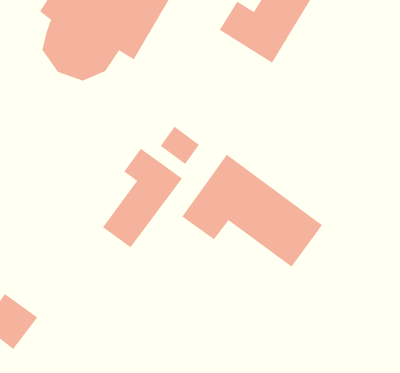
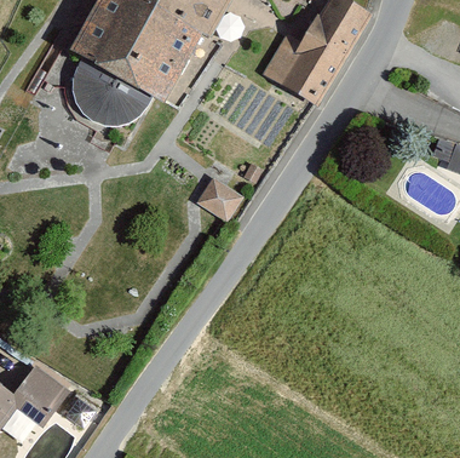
building: [102,148,183,248] -> none
building: [182,154,323,267] -> none

